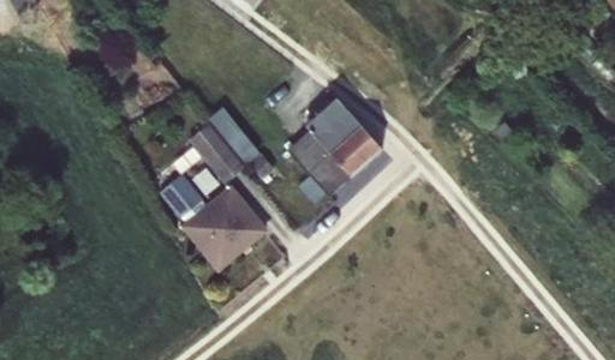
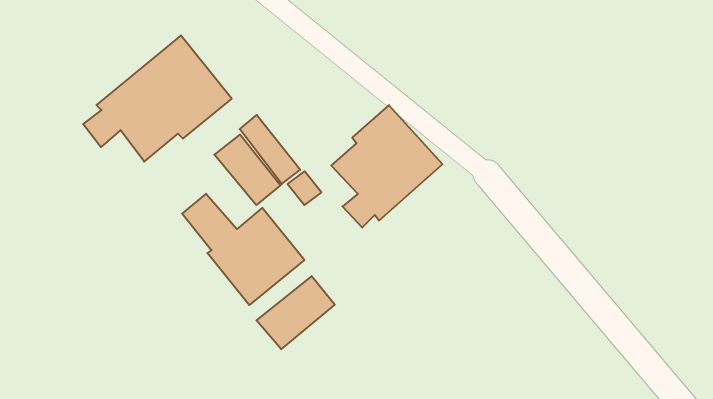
building: none -> [83,35,232,162]
building: none -> [256,276,335,349]

